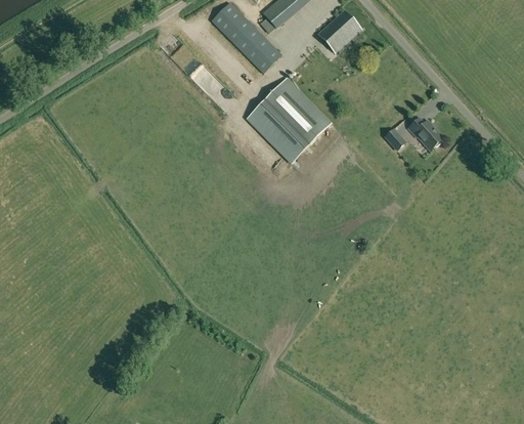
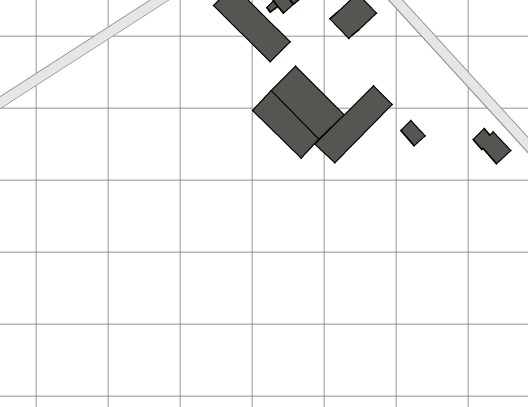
building: none -> [315,86,392,163]
building: [408,117,443,150] -> [473,129,511,164]

